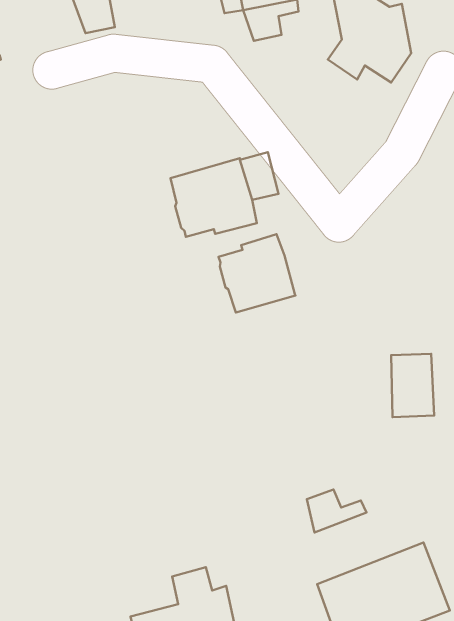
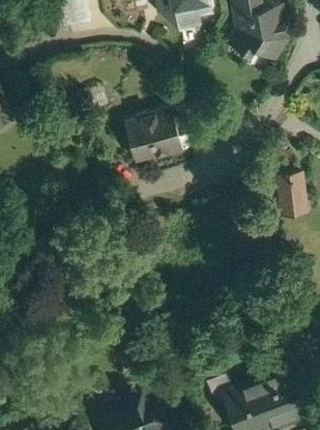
building: [219,234,296,312] -> none
building: [391,354,434,417] -> [279,173,308,216]
building: [307,489,366,532] -> none

